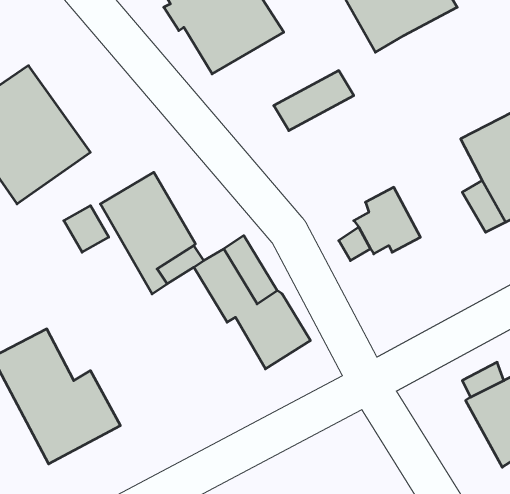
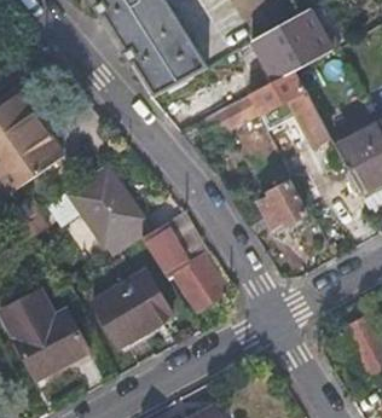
building: none -> [247,69,332,150]
building: none -> [93,272,169,347]

